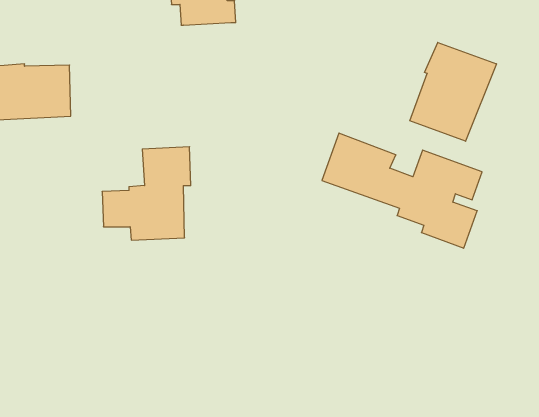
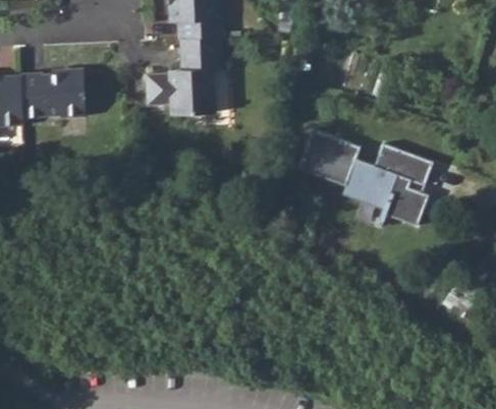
building: [410,42,496,141] -> none
building: [102,147,191,240] -> [147,37,221,115]

